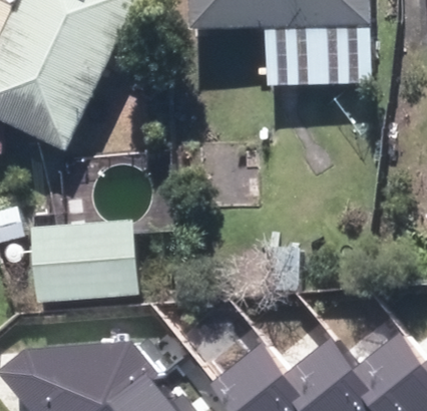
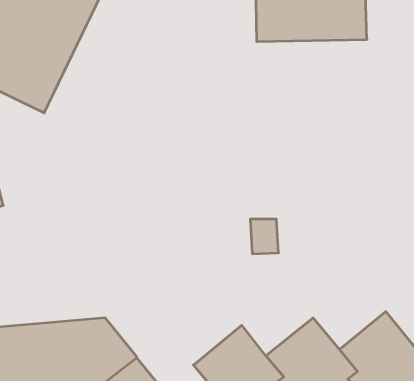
building: [32,224,140,302] -> none

